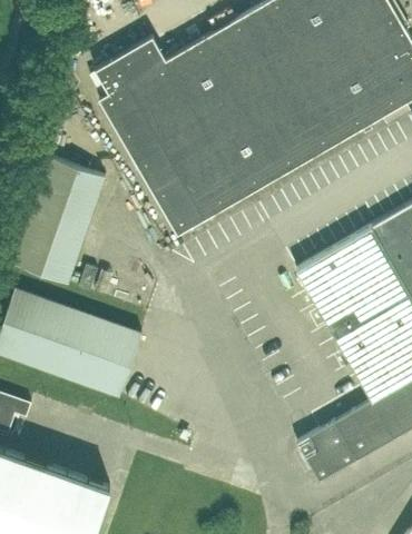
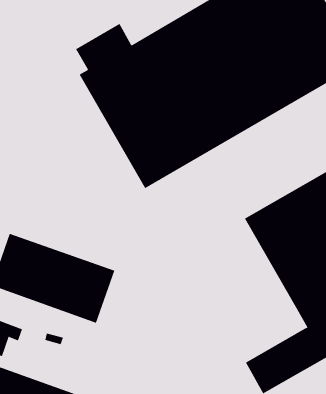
building: [12,157,104,283] -> none

